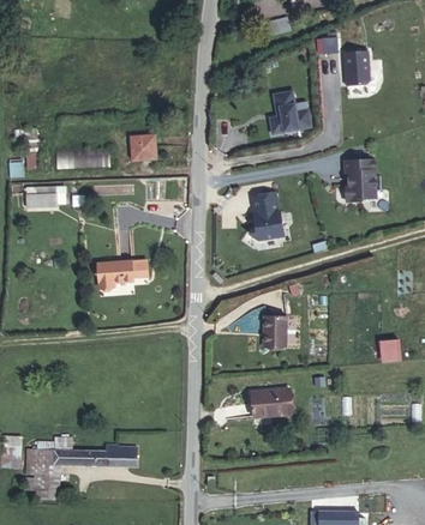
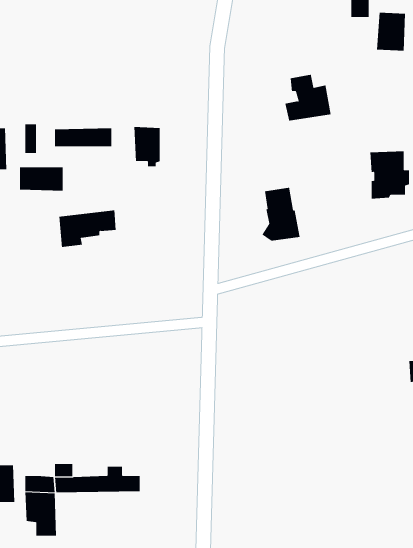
building: [95,255,146,289] -> [58,210,116,248]
building: [261,320,285,354] -> none
building: [249,394,289,427] -> none

